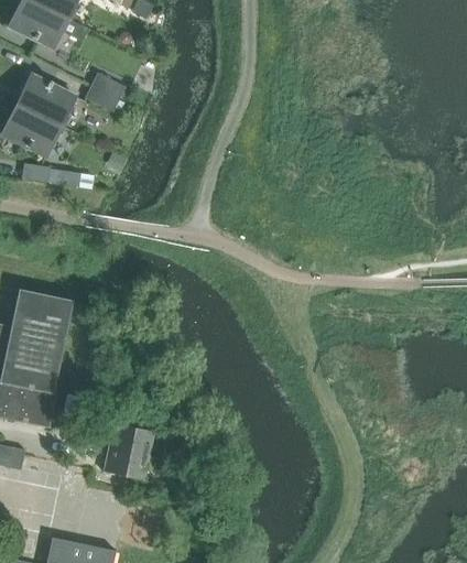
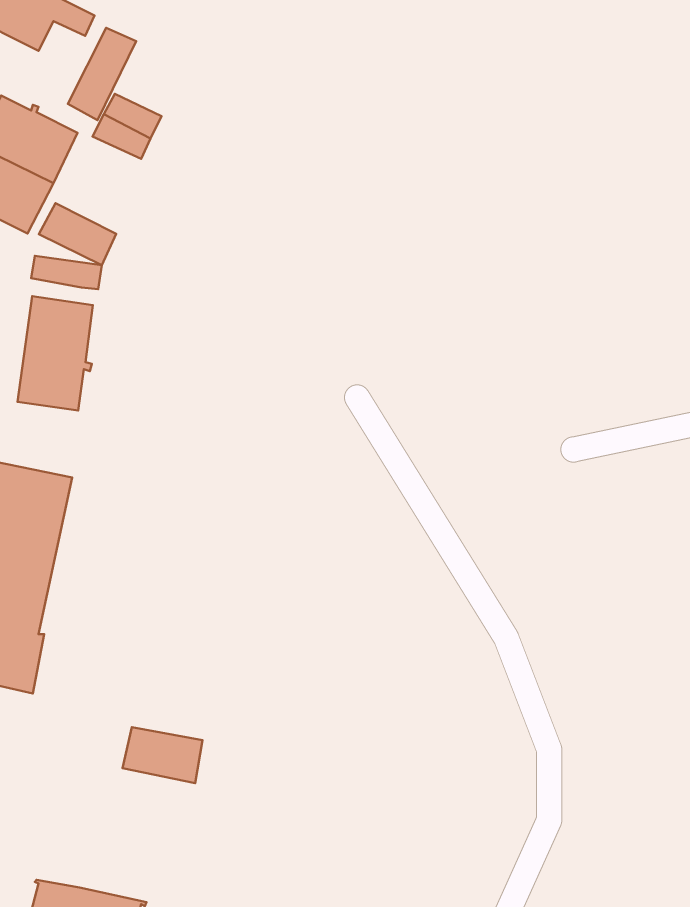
building: none -> [68,28,136,120]
building: none -> [39,203,116,265]
building: none -> [17,296,93,411]
building: [108,423,155,456] -> none

